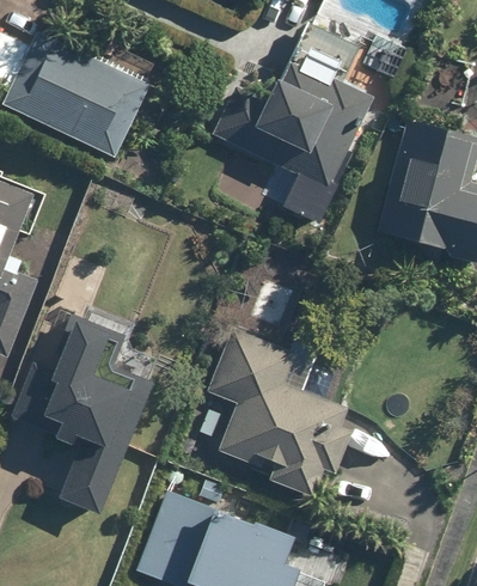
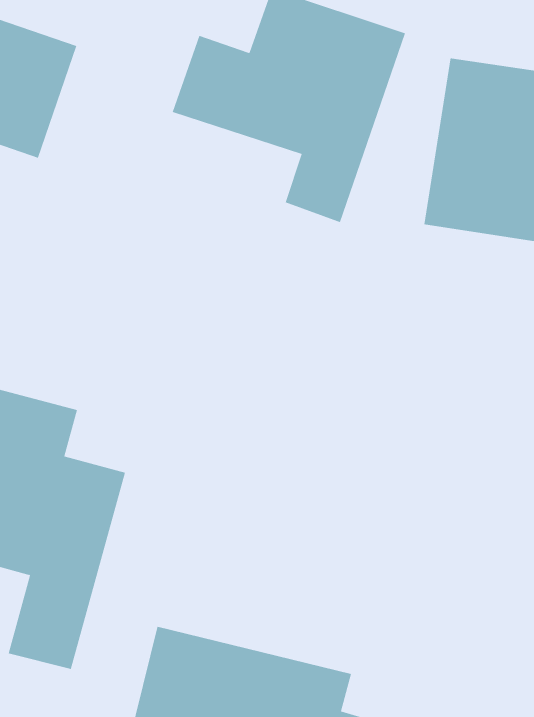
building: [206,328,353,498] -> none

